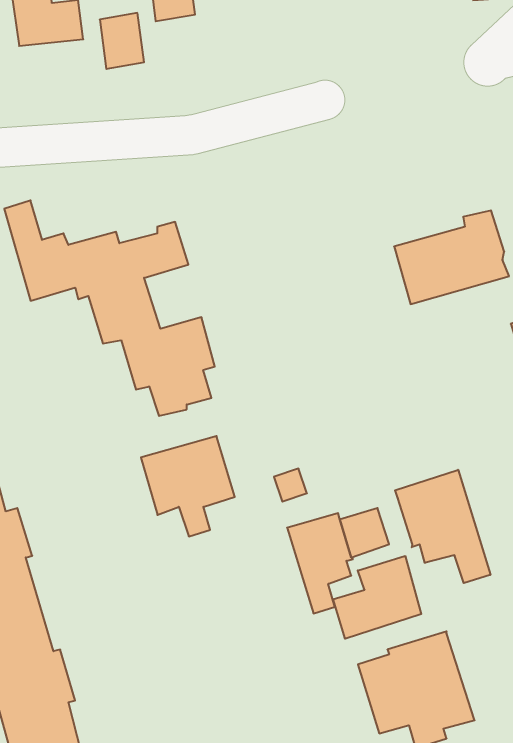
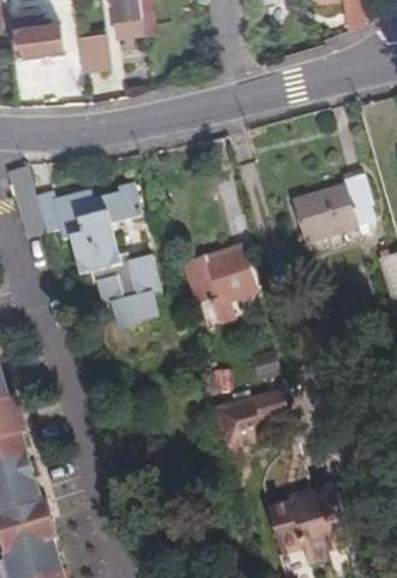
building: [141,436,235,536] -> [185,244,254,318]
building: [395,470,490,583] -> none
building: [333,556,421,639] -> none

